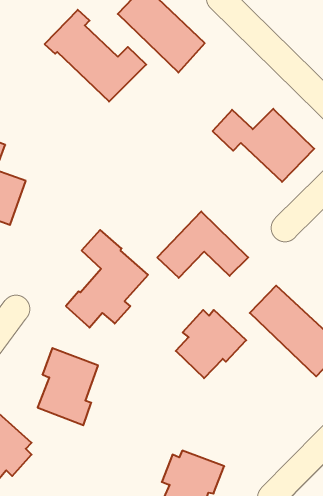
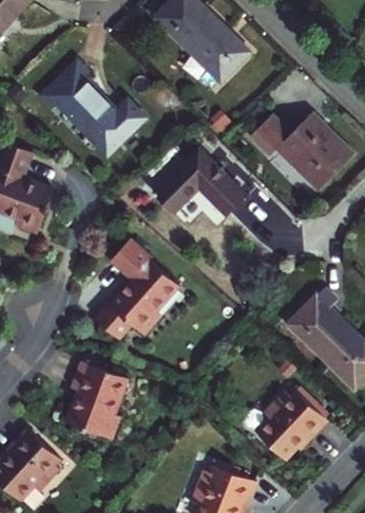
building: [45,10,146,102] -> [36,62,140,156]
building: [157,211,248,278] -> [148,148,242,216]
building: [176,310,246,378] -> [259,388,331,458]

